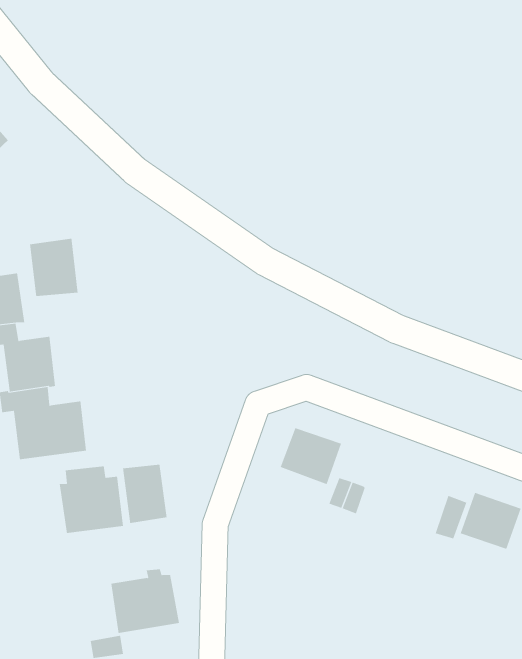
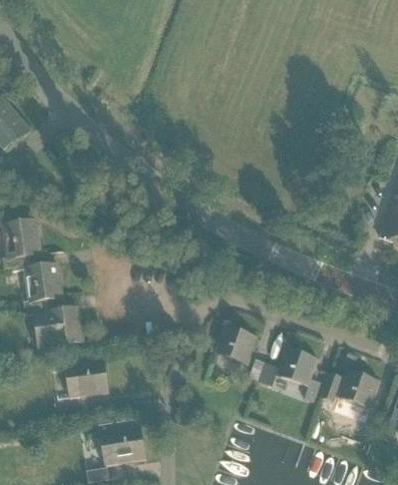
building: [29,238,78,297] -> none
building: none -> [276,347,320,401]
building: [123,464,167,524] -> none

